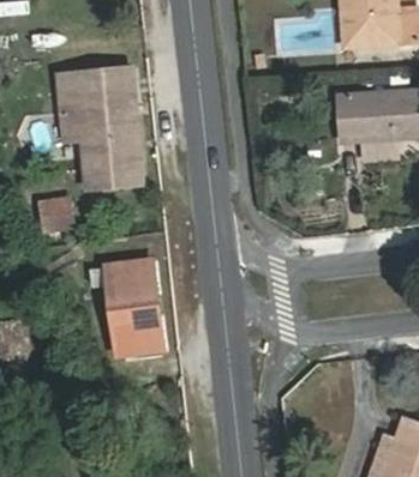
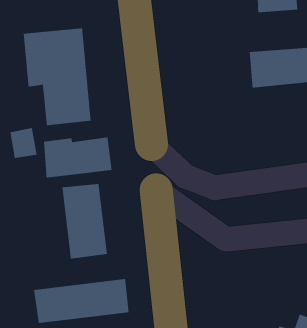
building: none -> [43,137,112,179]
building: none -> [33,278,130,324]

